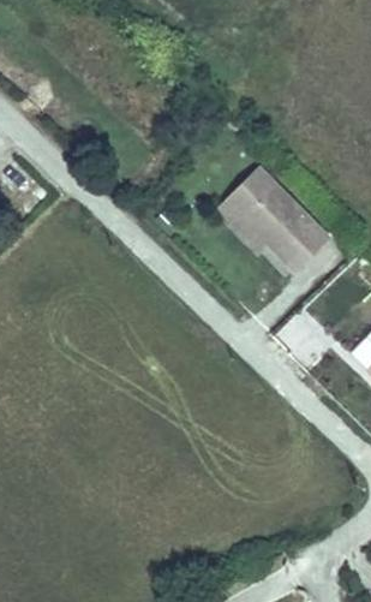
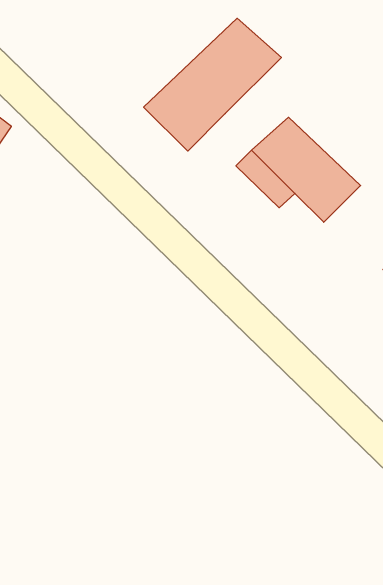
building: none -> [144,18,281,151]

